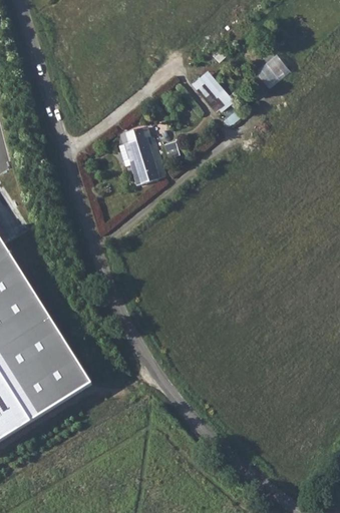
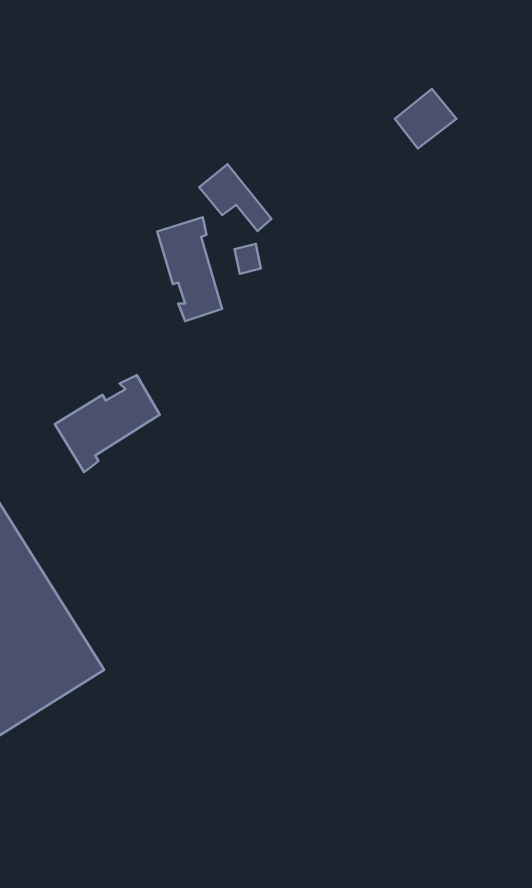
building: [193,67,234,105] -> [199,164,271,231]
building: none -> [55,375,160,472]

